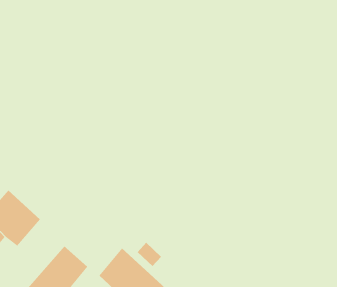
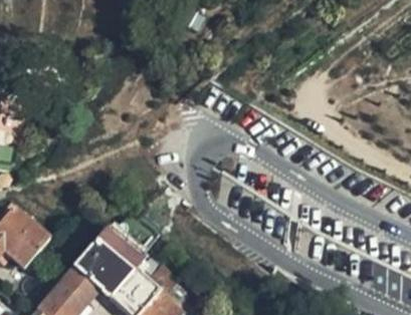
building: none -> [74,230,145,299]

